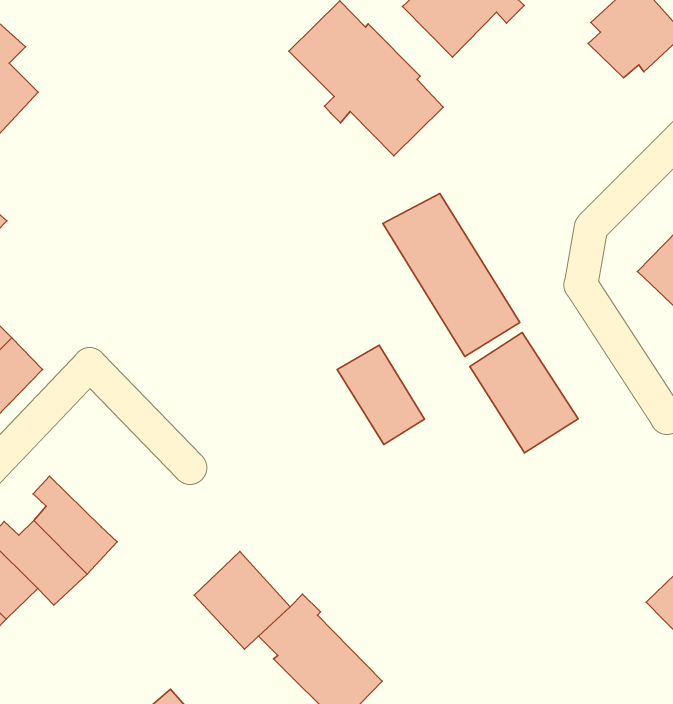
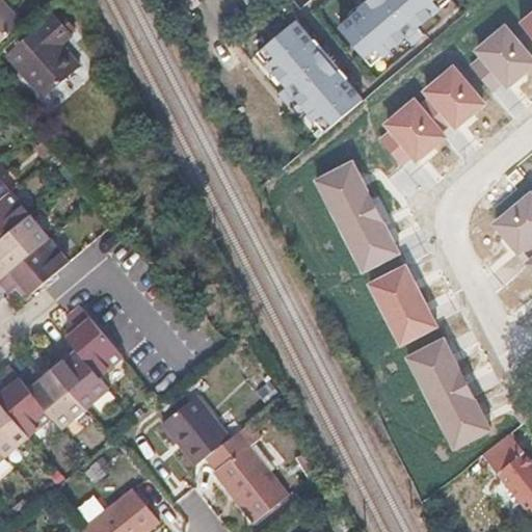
building: none -> [379,63,490,165]
building: [337,345,425,444] -> none
building: none -> [66,305,122,374]
building: none -> [404,338,493,449]

